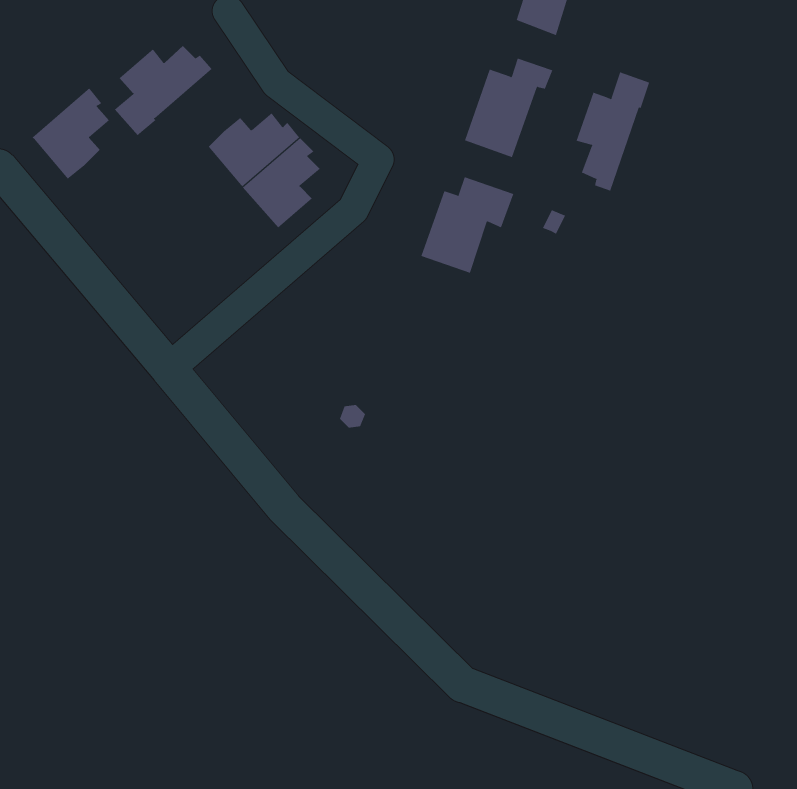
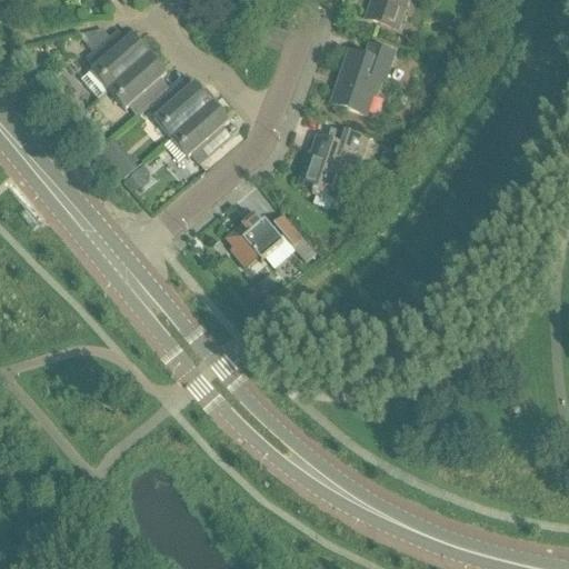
building: [576,72,650,192] -> none
building: [32,87,110,180] -> [110,49,166,114]
building: none -> [224,213,301,266]

